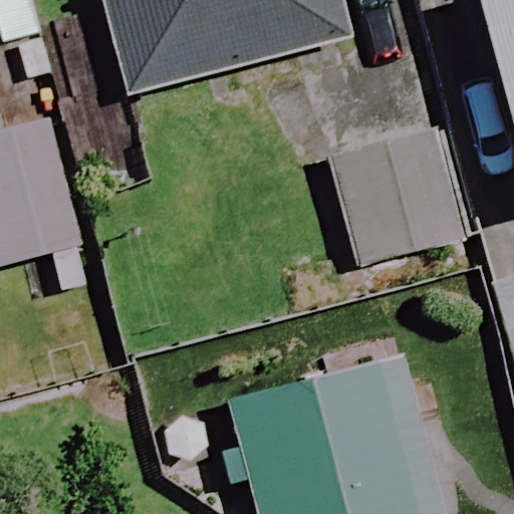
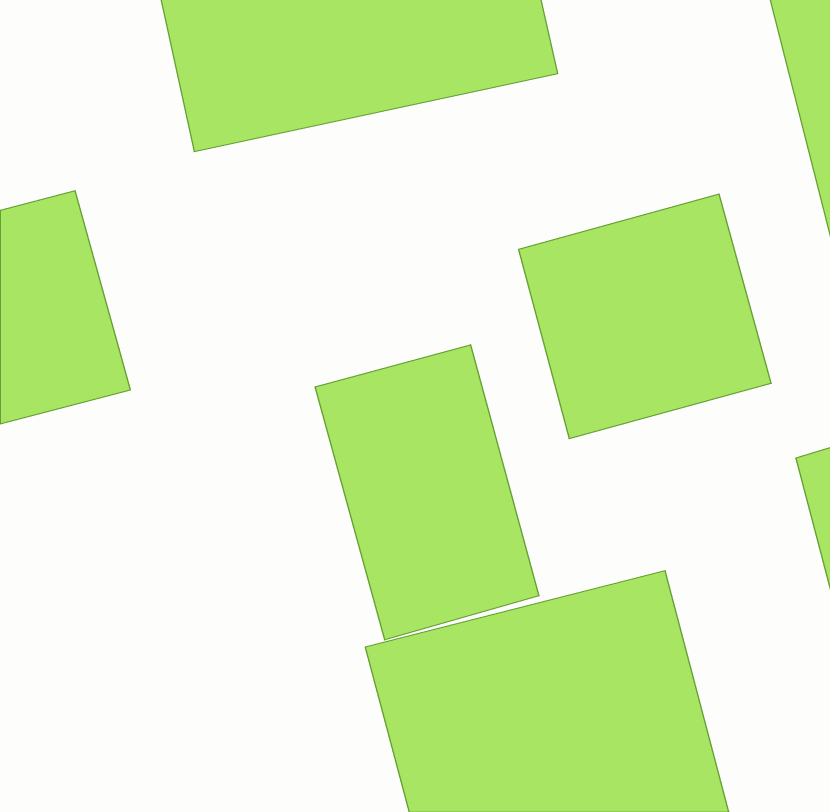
building: none -> [315,345,539,640]

